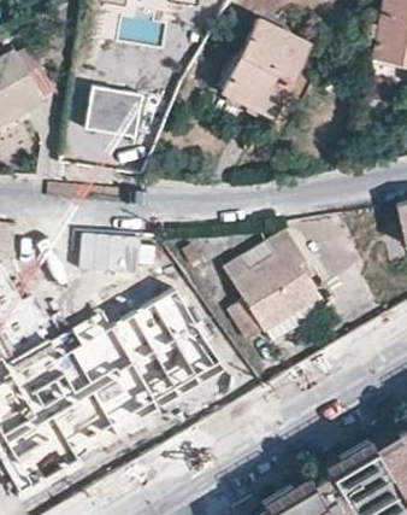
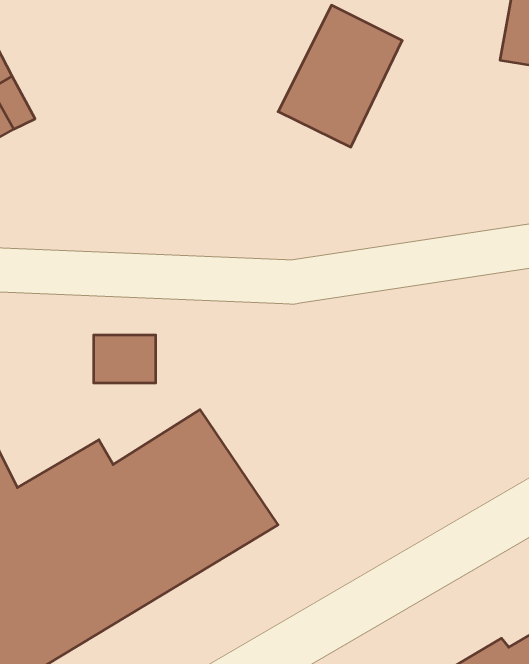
building: [84,87,142,137] -> none
building: [225,232,318,340] -> none

